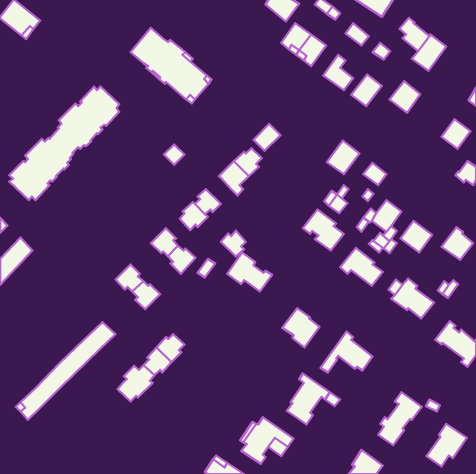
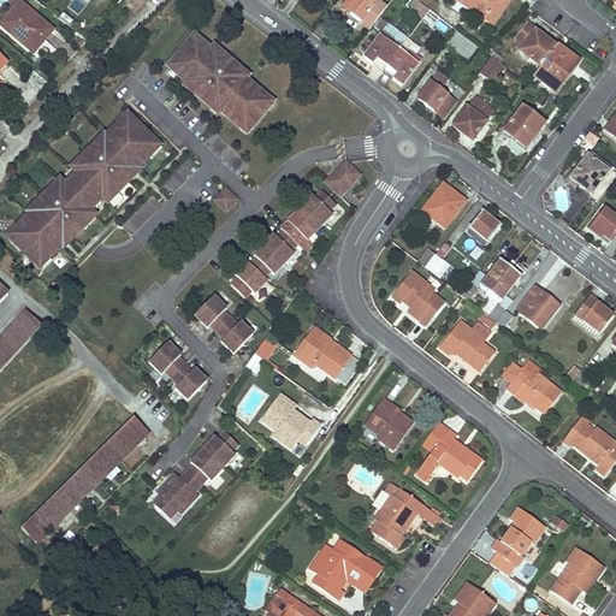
building: [221,231,246,257] -> [266,230,298,263]
building: none -> [261,393,320,448]

